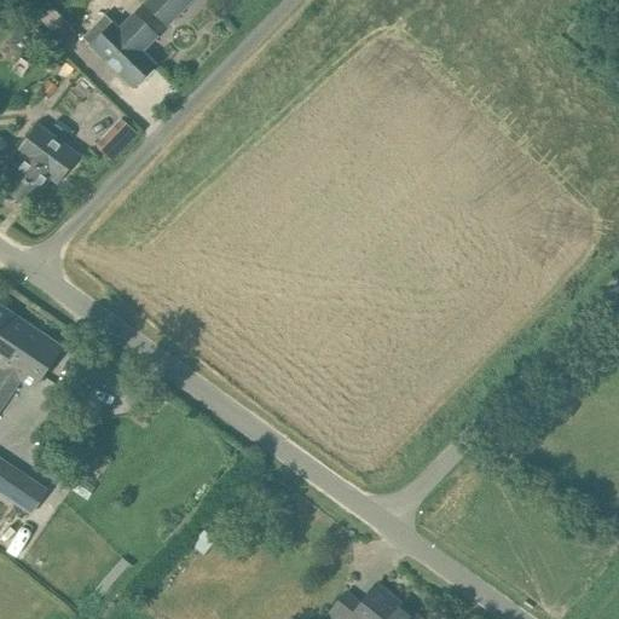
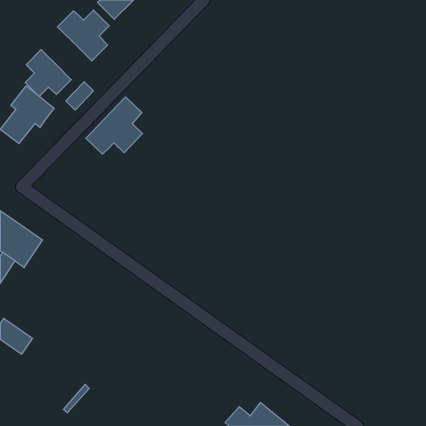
building: none -> [25,50,71,96]
building: none -> [86,97,143,154]

